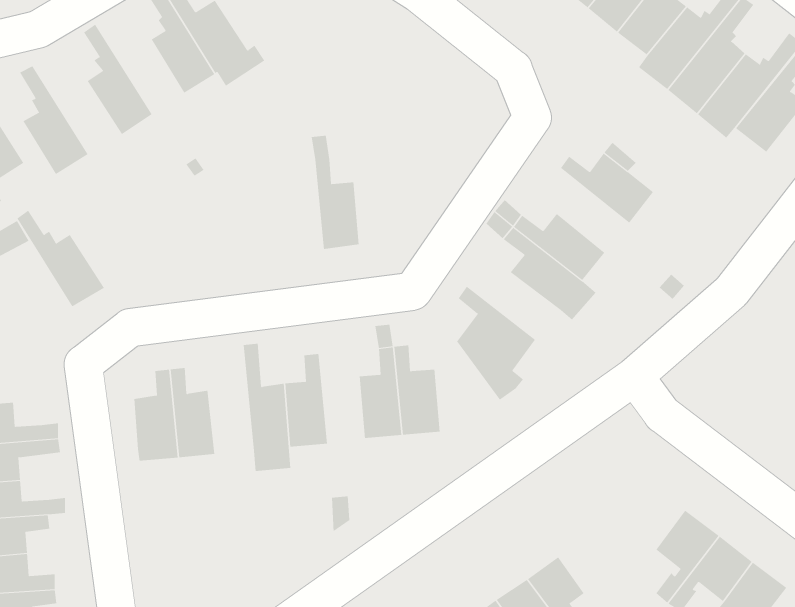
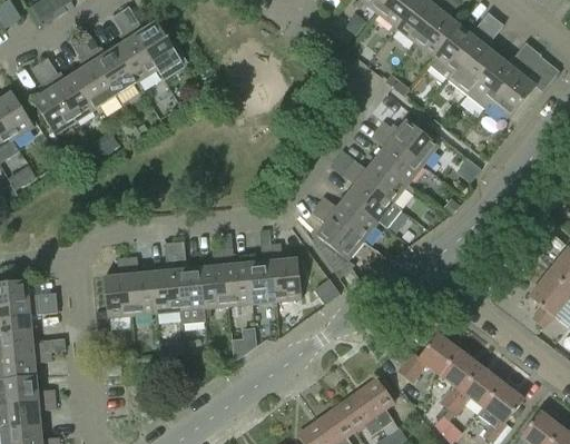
building: none -> [79,32,136,95]
building: [311,135,359,250] -> [220,233,252,306]
building: none -> [371,129,422,184]
building: [16,210,105,307] -> [39,58,96,120]
building: none -> [317,196,377,239]
building: none -> [151,243,180,313]
building: none -> [396,333,458,382]

